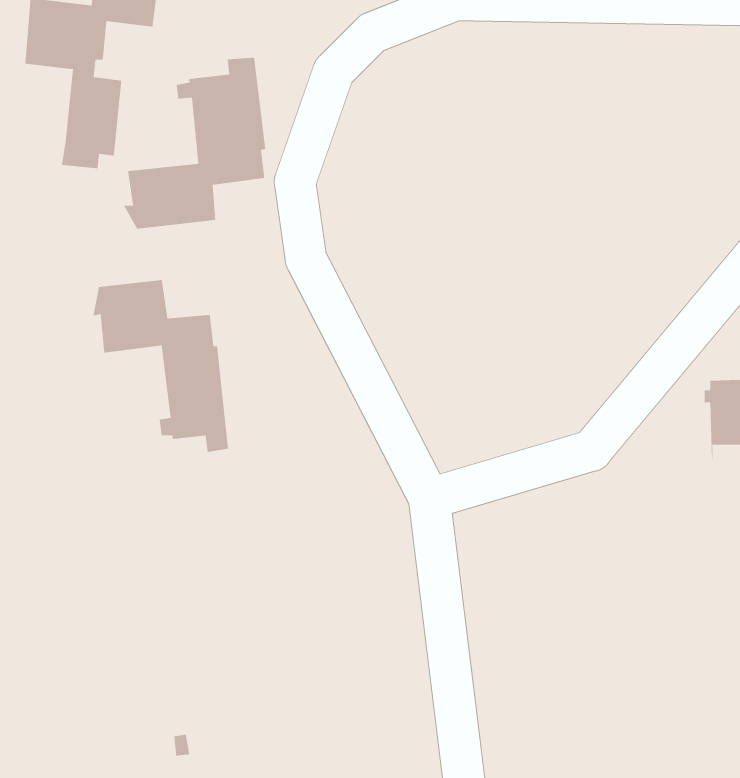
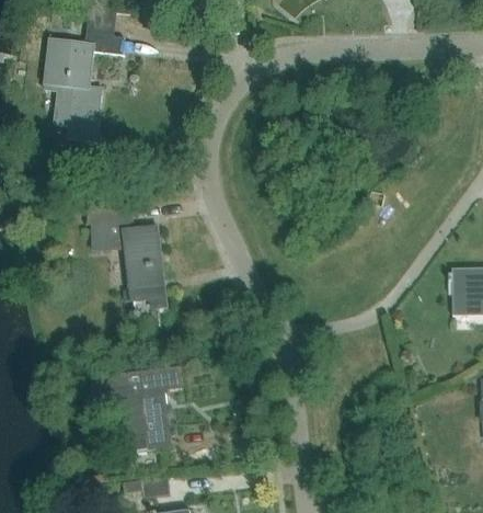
building: [123,57,266,229] -> none
building: none -> [90,365,182,452]

